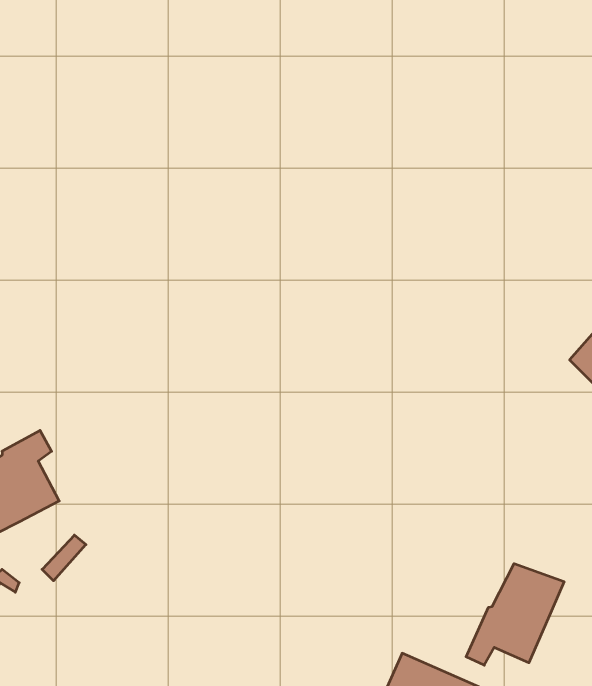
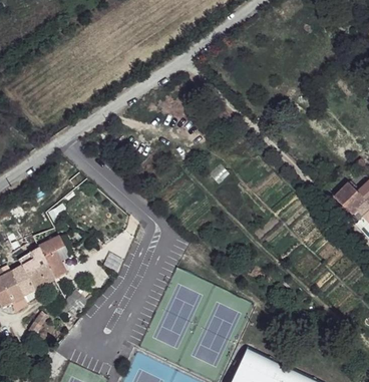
building: [466,564,564,665] -> none

